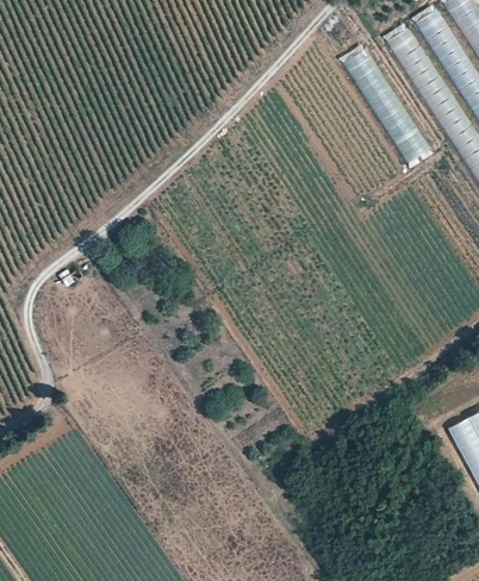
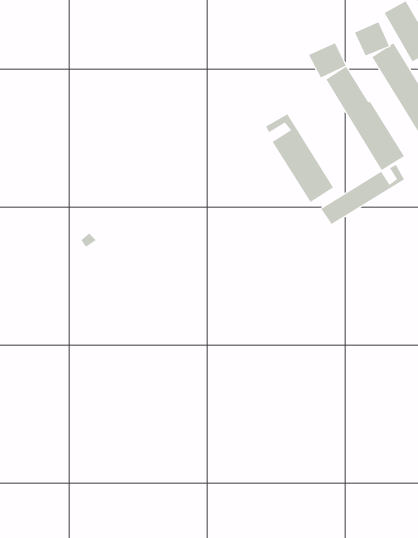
building: none -> [265,114,334,203]
building: none -> [321,164,405,225]

